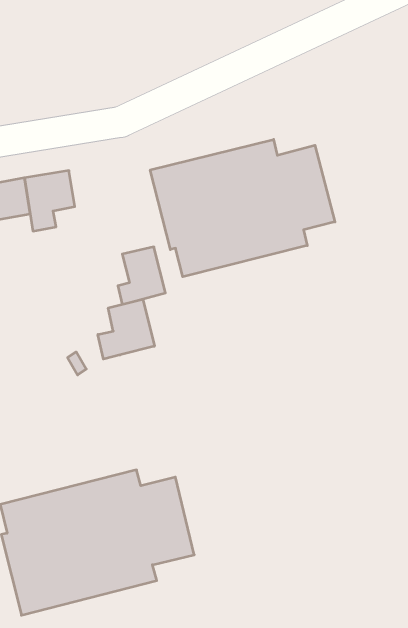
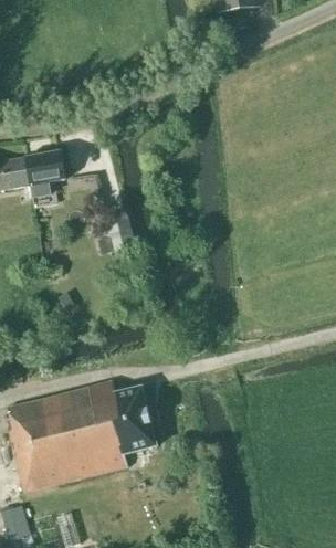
building: [150,139,335,277] -> none
building: [98,299,154,359] -> none

